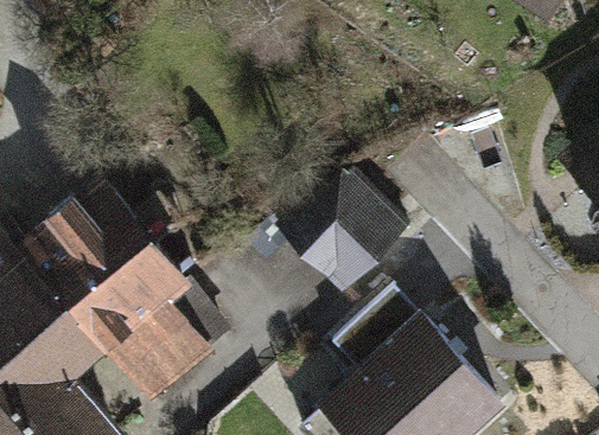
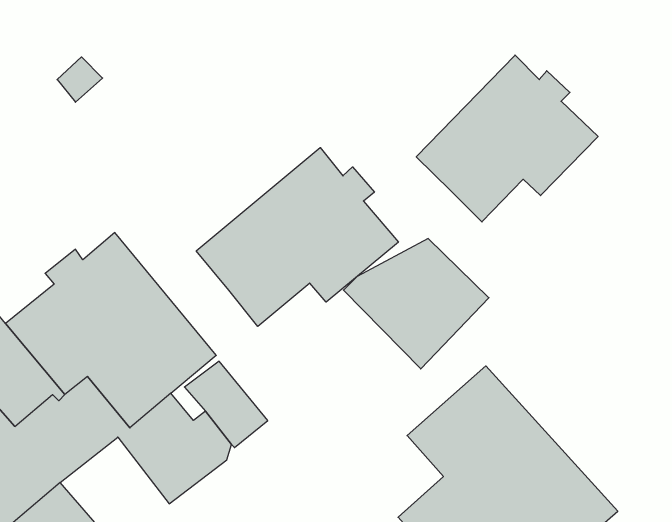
building: none -> [416,55,598,222]
building: none -> [196,148,398,326]

